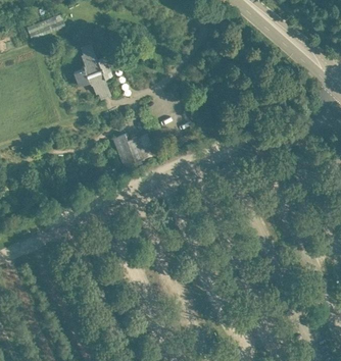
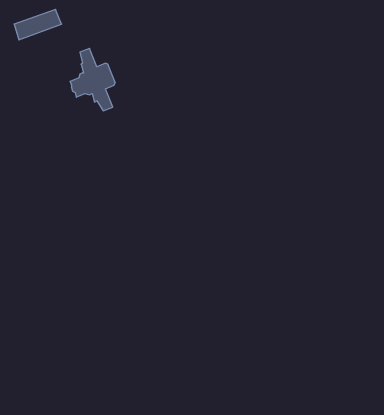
building: [112,134,146,166] -> none

